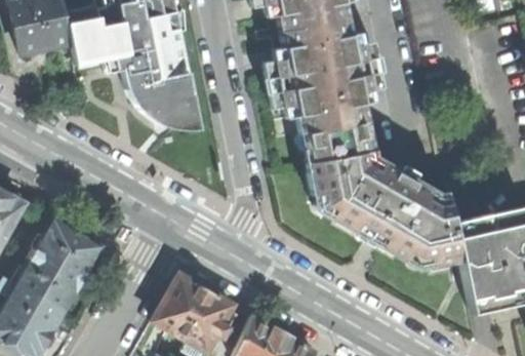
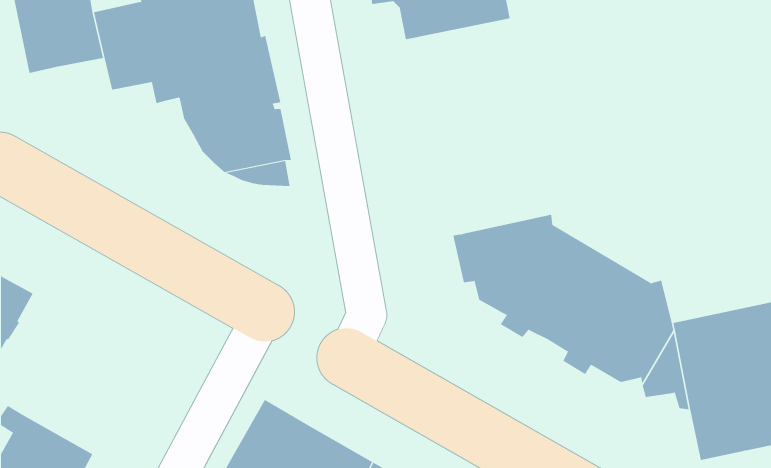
building: [262,17,382,162] -> none
building: [17,219,98,310] -> none

